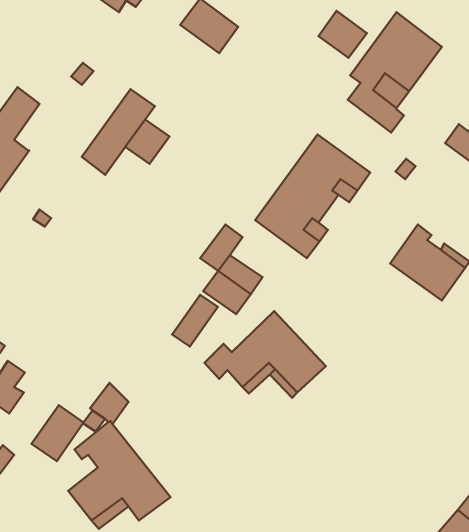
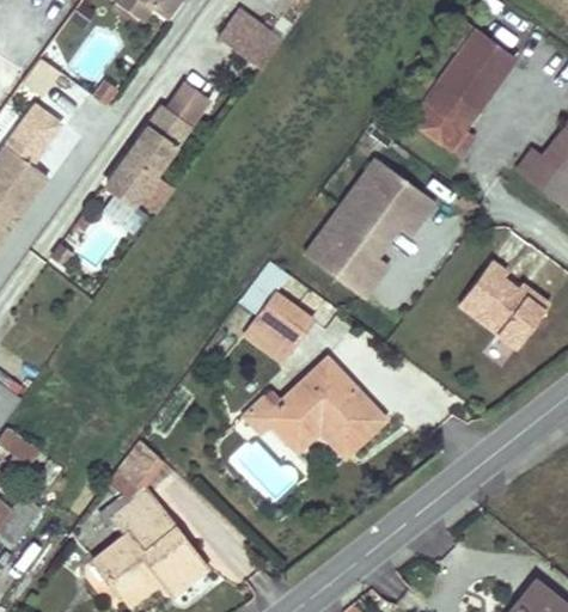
building: [318,11,367,58] -> none
building: [125,120,170,164] -> [163,75,213,126]
building: [172,295,218,346] -> none
building: [32,405,83,461] -> none

